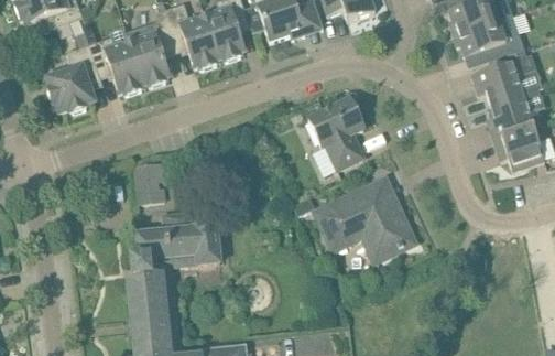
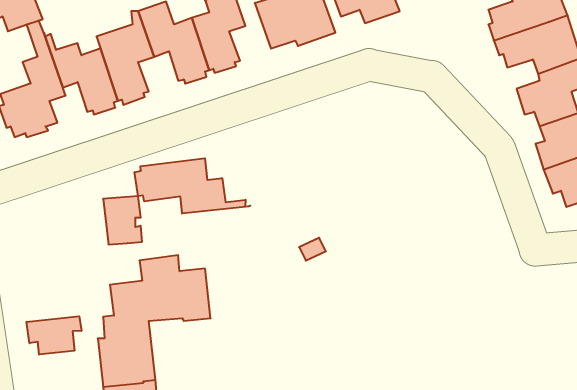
building: [308,98,363,170] -> none
building: none -> [135,158,250,214]
building: [316,183,413,260] -> none
building: none -> [27,316,81,355]

